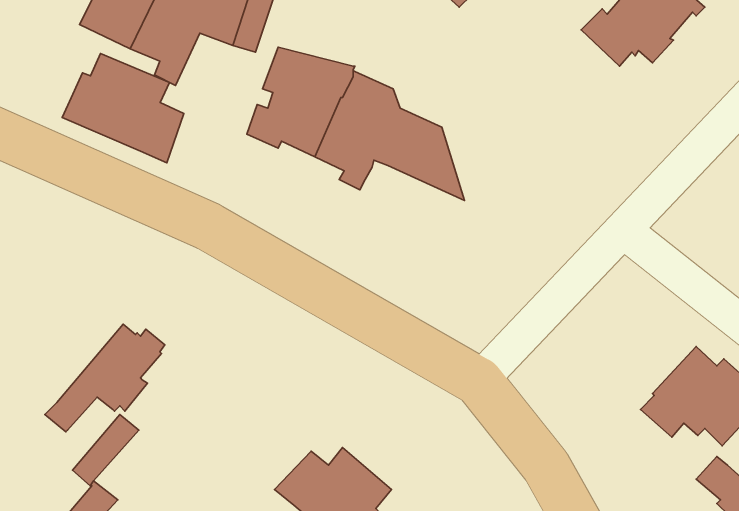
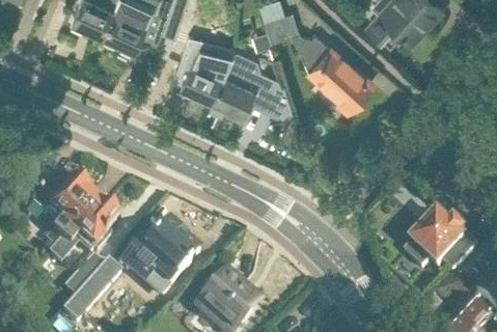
building: none -> [261,9,370,105]
building: [62,53,184,163] -> none
building: none -> [31,175,94,245]
building: none -> [118,218,198,293]
building: none -> [77,258,119,303]

